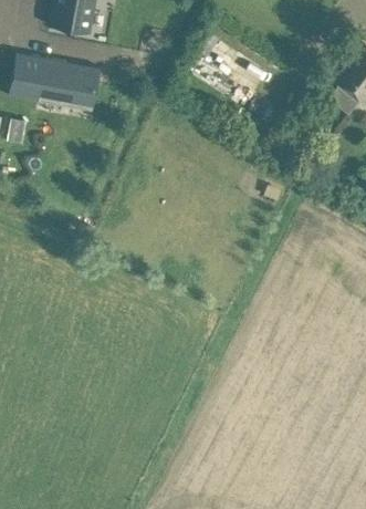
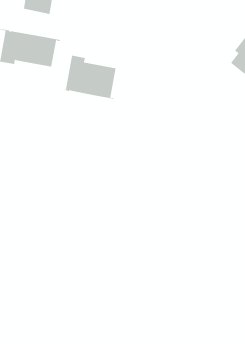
building: none -> [59,54,116,99]

